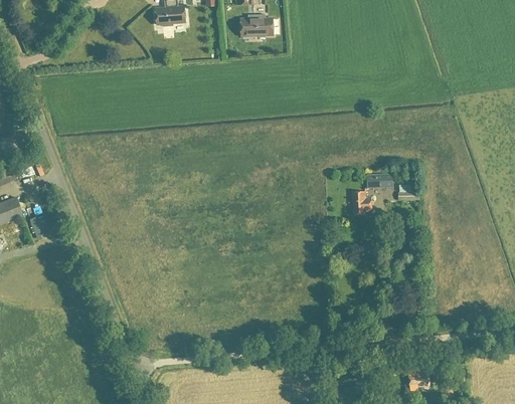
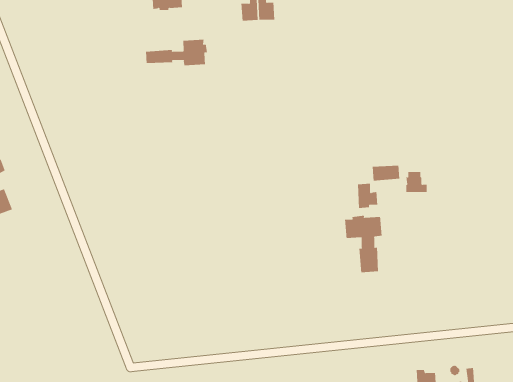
building: none -> [146,39,208,66]
building: none -> [345,215,382,273]

